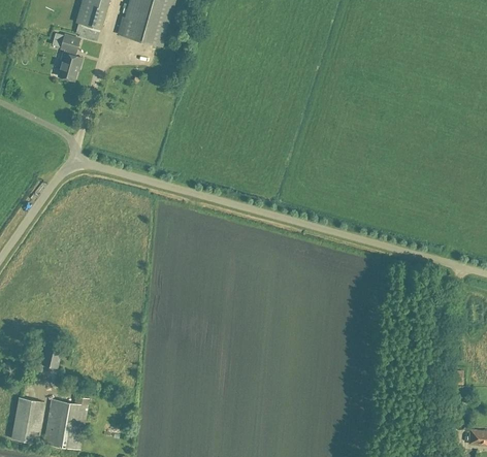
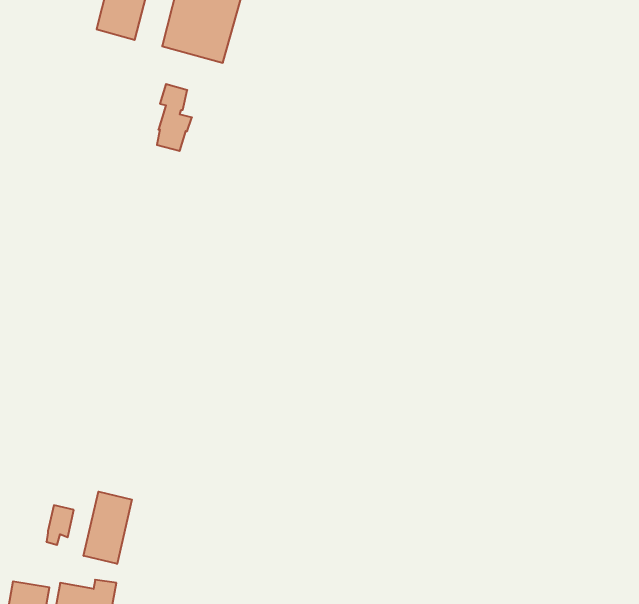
building: [57,34,80,79] -> [157,84,192,151]
building: none -> [84,492,132,564]

